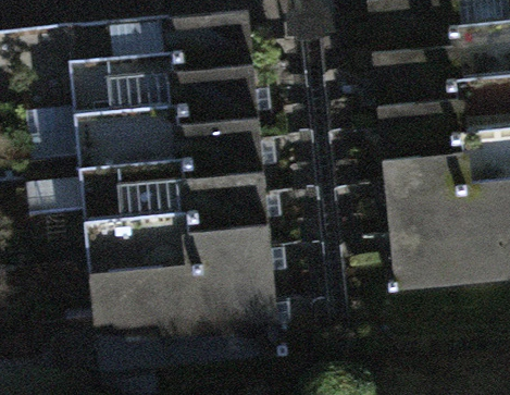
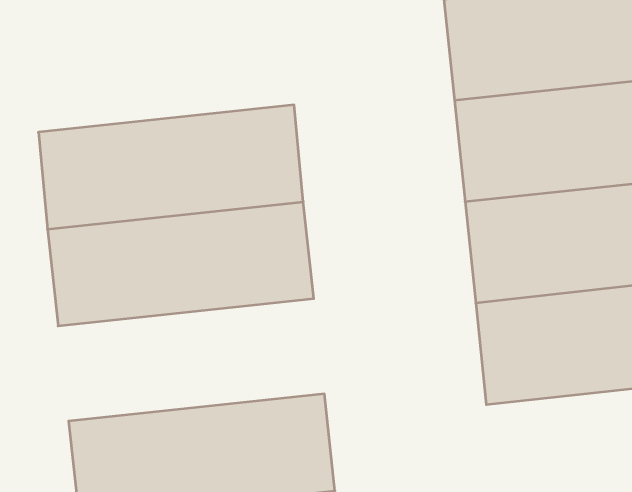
building: [66,8,258,96] -> none
building: [88,215,279,304] -> none

